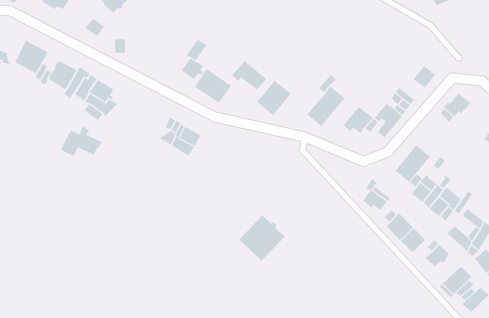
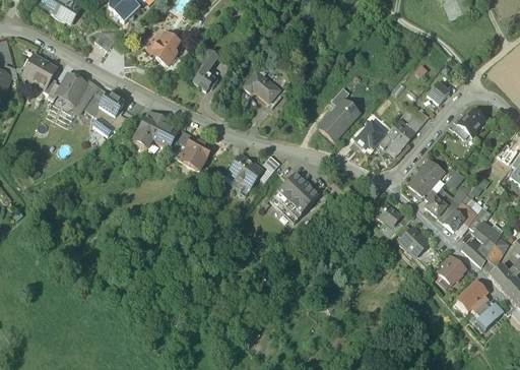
building: none -> [153,34,179,67]
building: [194,68,232,104] -> none
building: [257,80,292,116] -> none
building: [60,126,102,157] -> [134,116,177,147]
building: none -> [229,157,262,188]
building: [238,214,286,261] -> [271,174,319,222]

